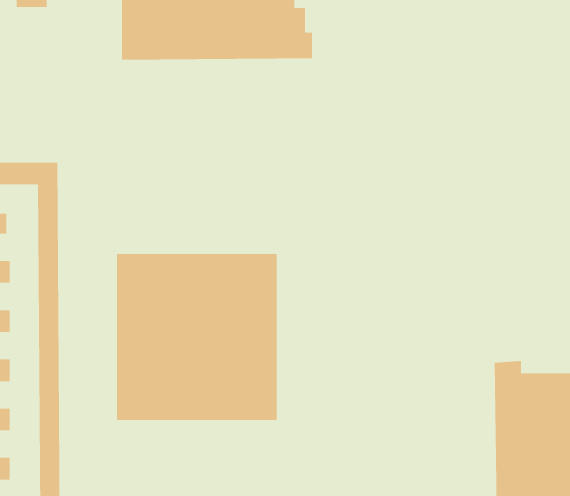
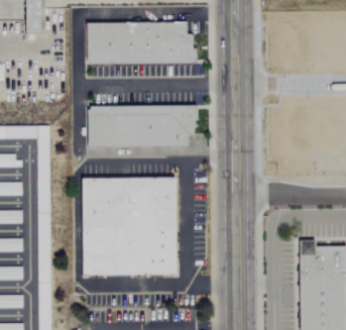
building: none -> [88,105,197,147]

